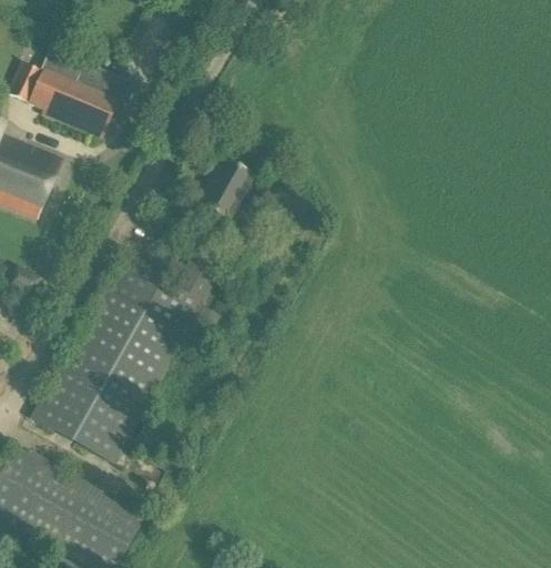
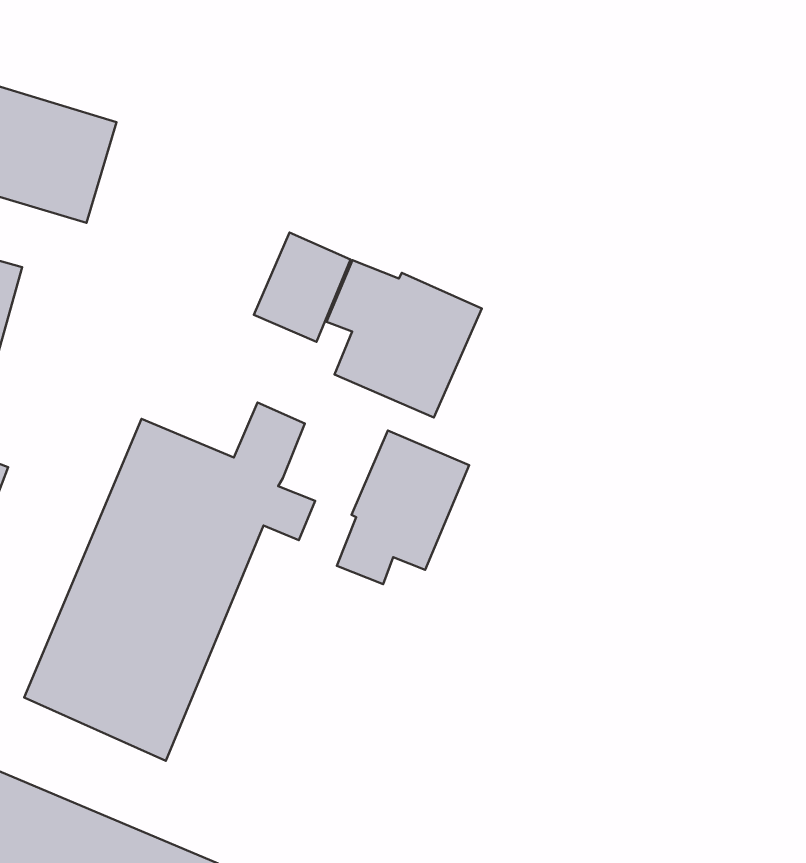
building: none -> [326,260,482,418]
building: none -> [337,431,469,584]

